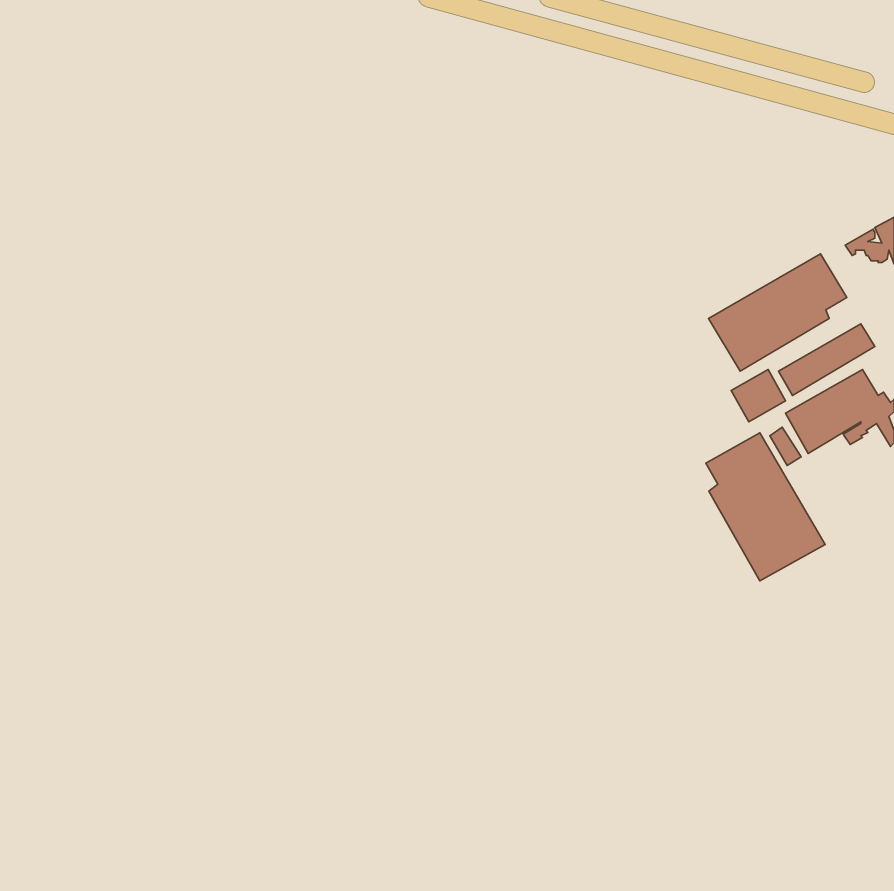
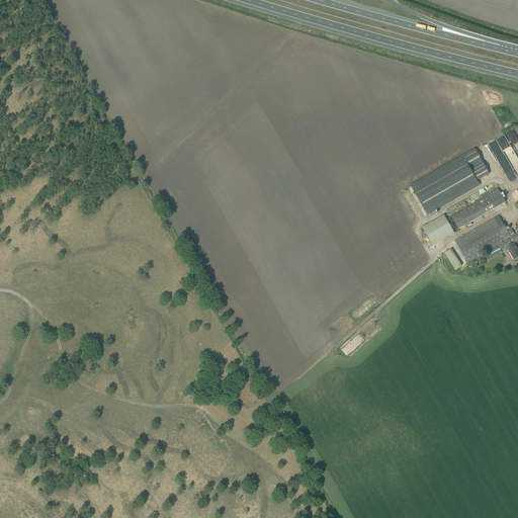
building: [706,433,825,581] -> none

